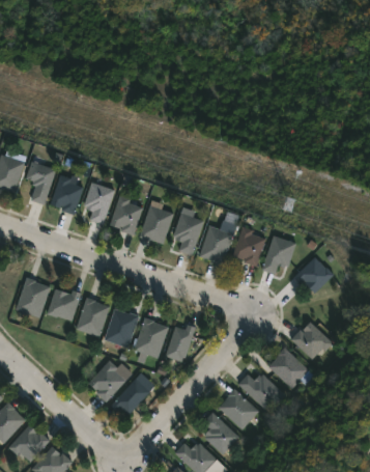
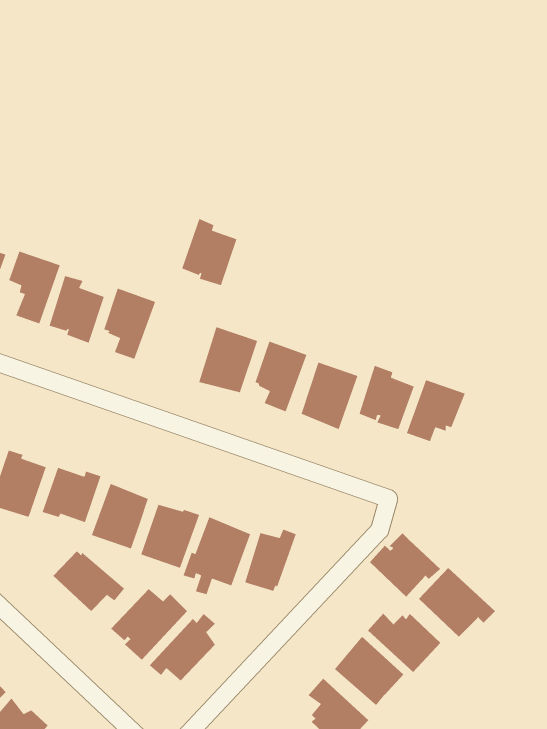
building: [109,195,142,235] -> [181,218,237,286]
building: [294,256,334,291] -> none
building: [291,322,334,360] -> [369,532,441,597]
building: none -> [53,551,125,612]

